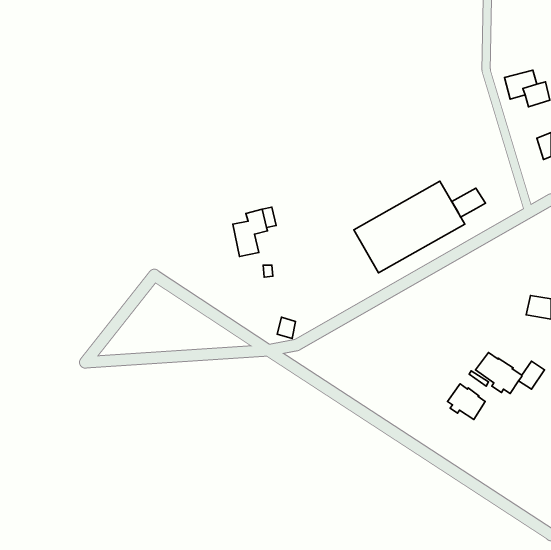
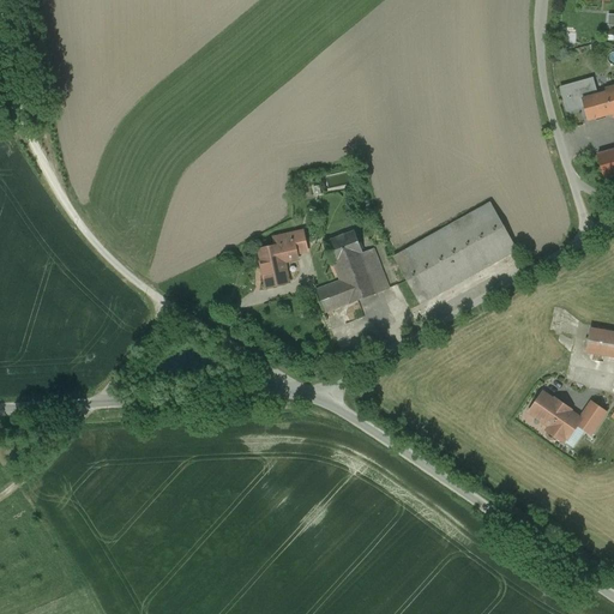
building: [452,188,486,217] -> none
building: none -> [315,230,390,312]
building: [448,384,485,419] -> none

